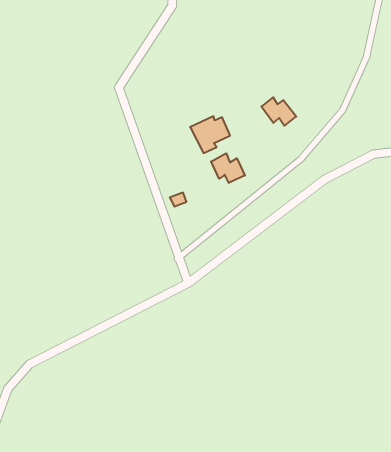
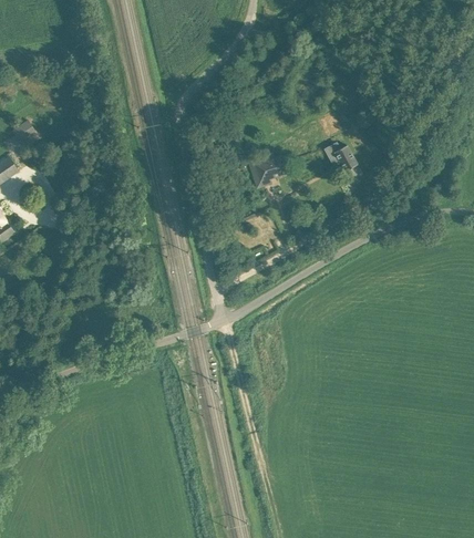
building: [211,153,245,183] -> none

